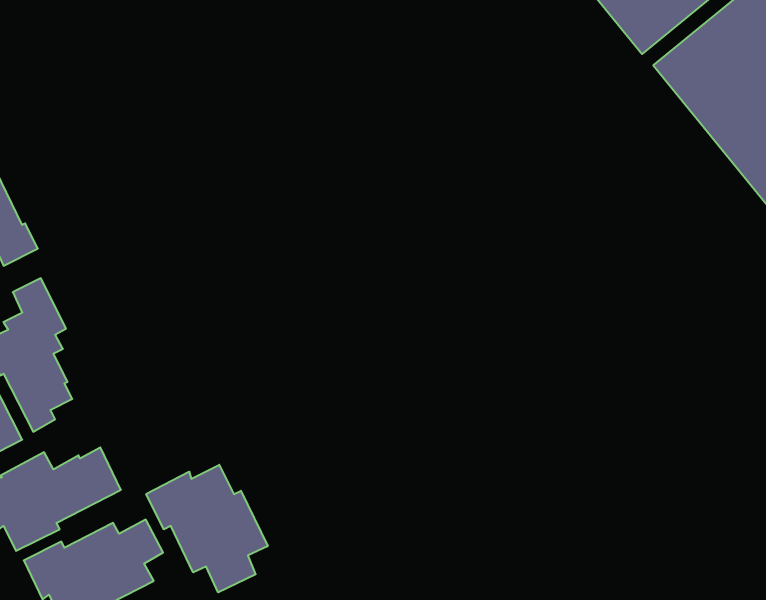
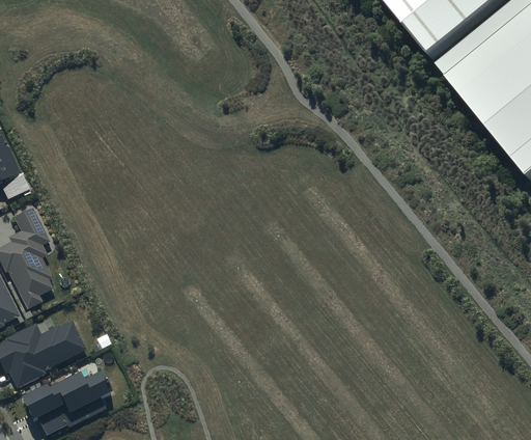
building: [146,465,268,592] -> none

